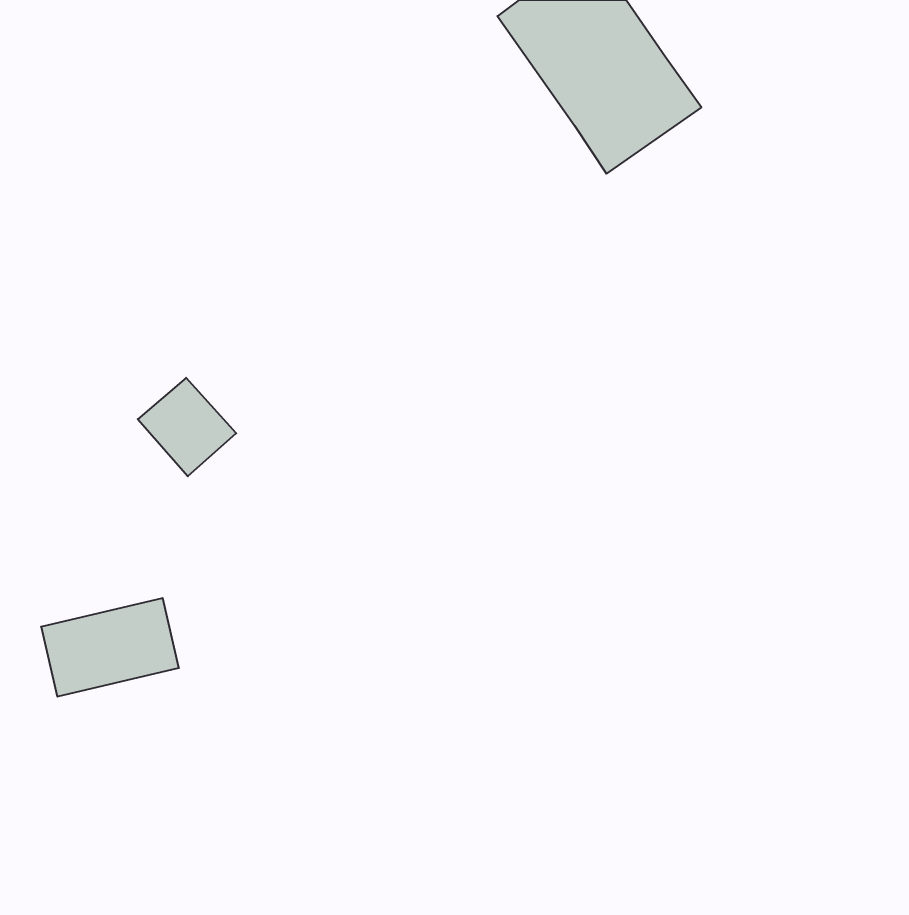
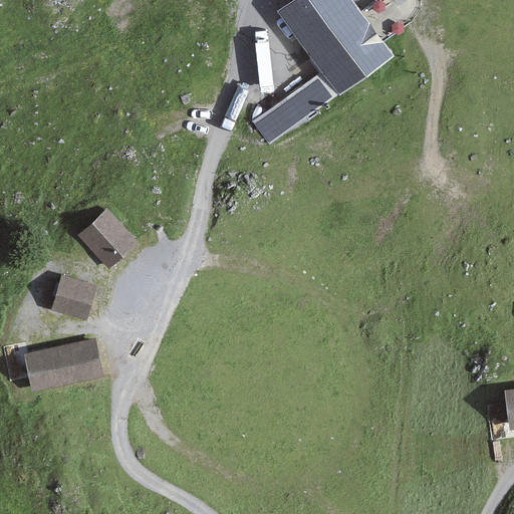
building: none -> [249,70,340,148]
building: none -> [48,275,94,320]

